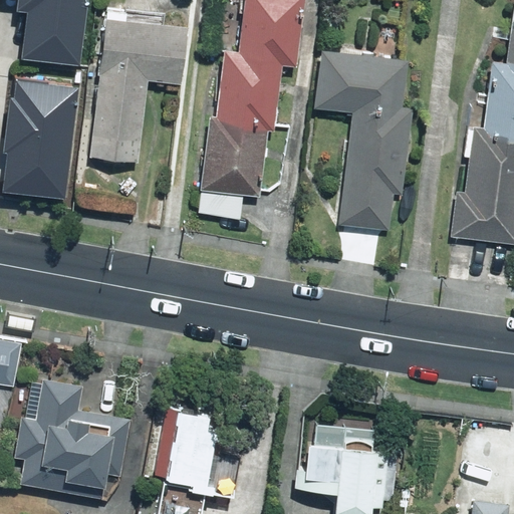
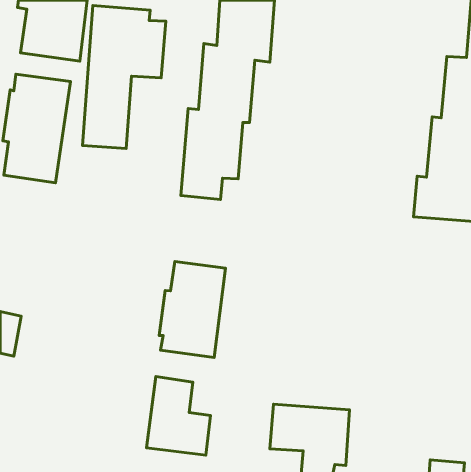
building: [315,51,412,229] -> none
building: none -> [159,262,226,358]
building: [14,379,125,493] -> none

